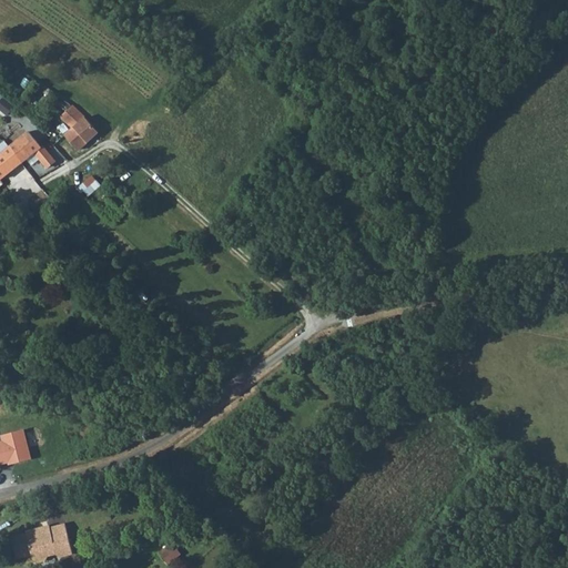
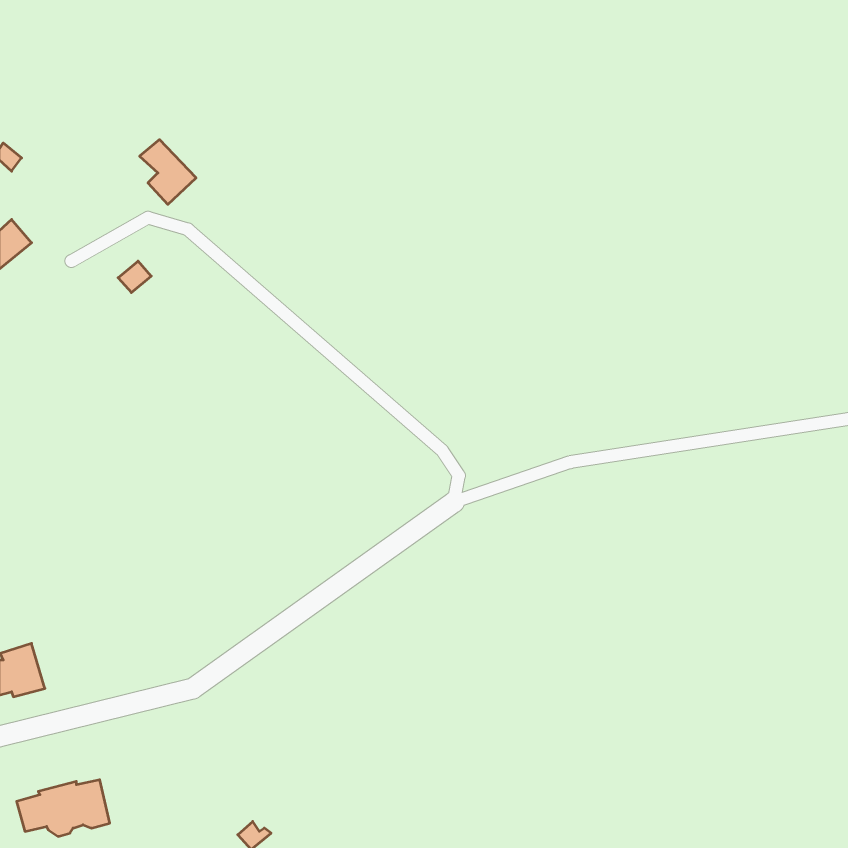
building: [59,106,97,150] -> [140,140,196,204]
building: [8,132,53,169] -> none

